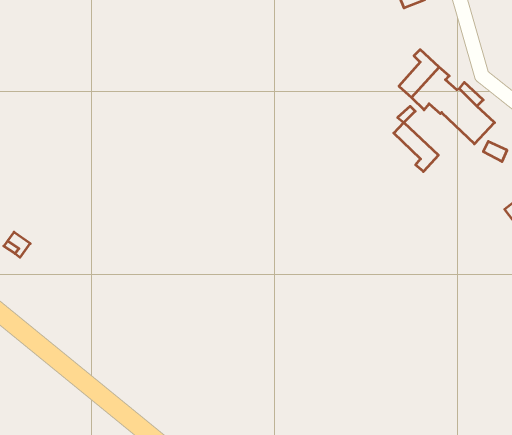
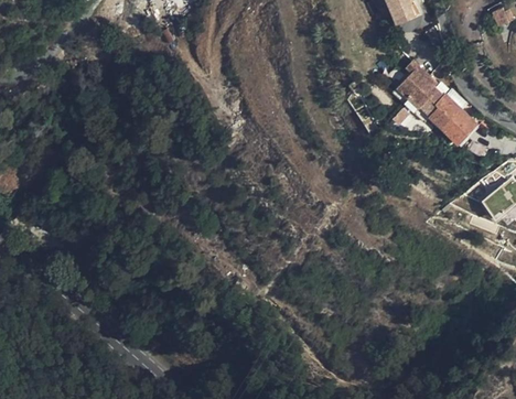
building: [394,123,438,172] -> none

